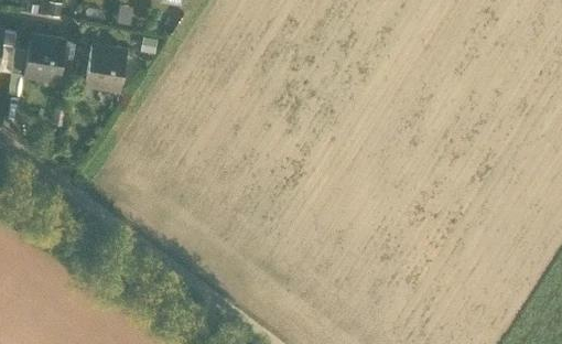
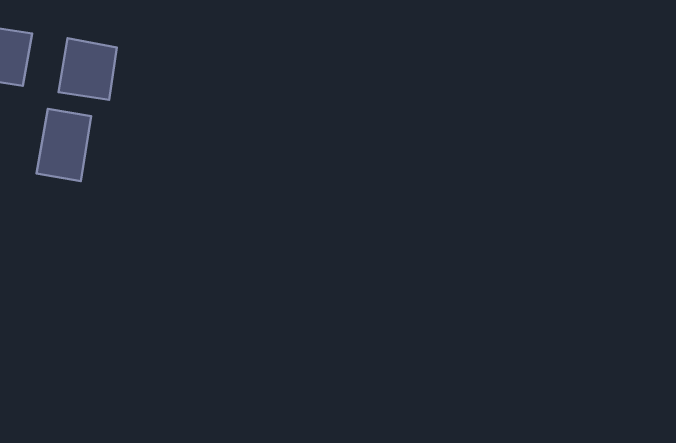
building: none -> [37,109,91,181]

